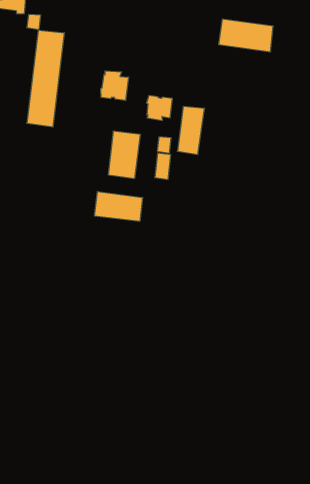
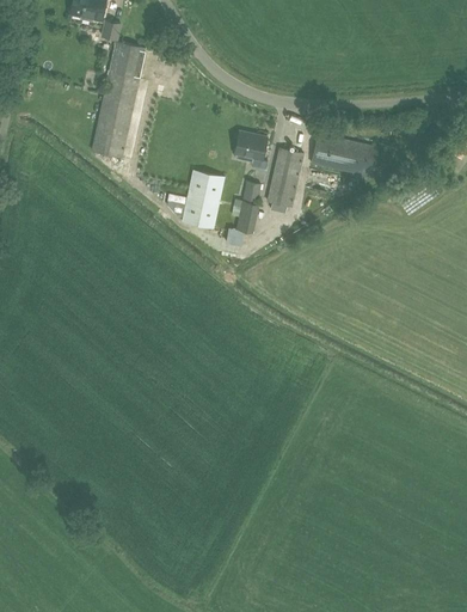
building: [219,19,273,52] -> [311,133,377,177]
building: [101,71,129,101] -> none
building: [95,191,143,221] -> none

